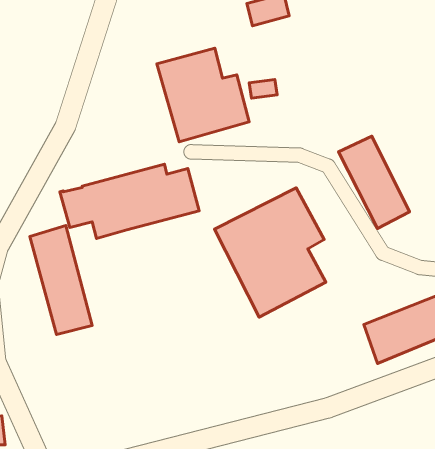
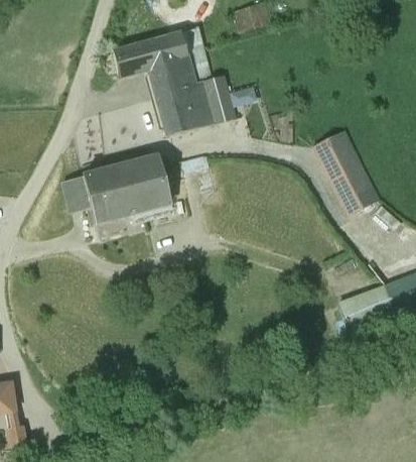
building: none -> [112,29,201,75]
building: [215,188,326,317] -> none
building: [30,225,92,335] -> none

